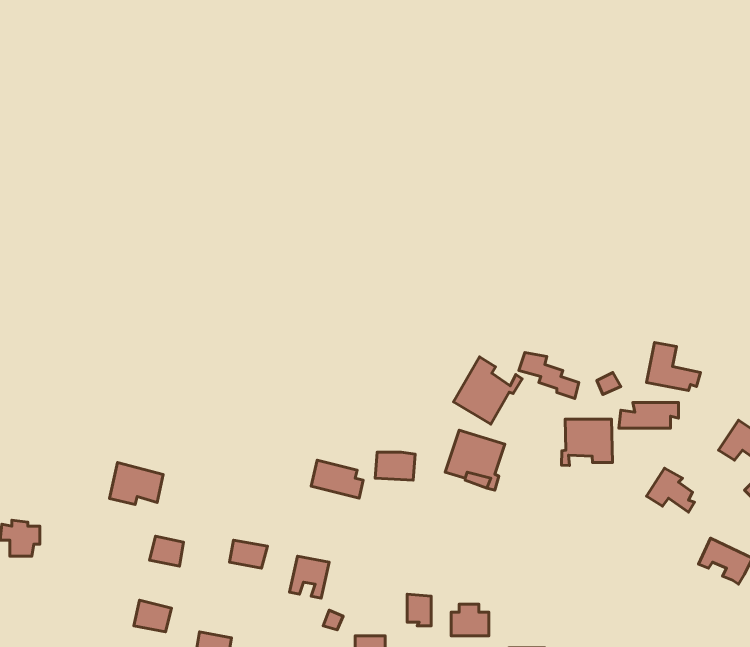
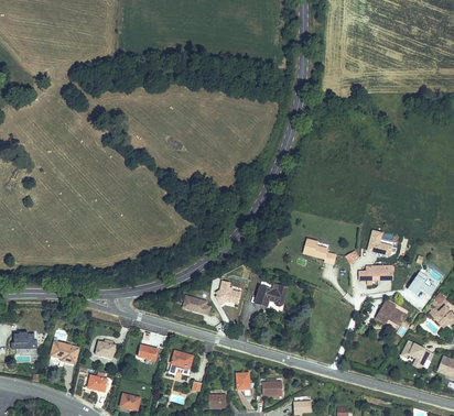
building: [454,357,522,424] -> none
building: [562,419,613,466] -> none
building: [109,463,163,505] -> [50,341,79,364]

